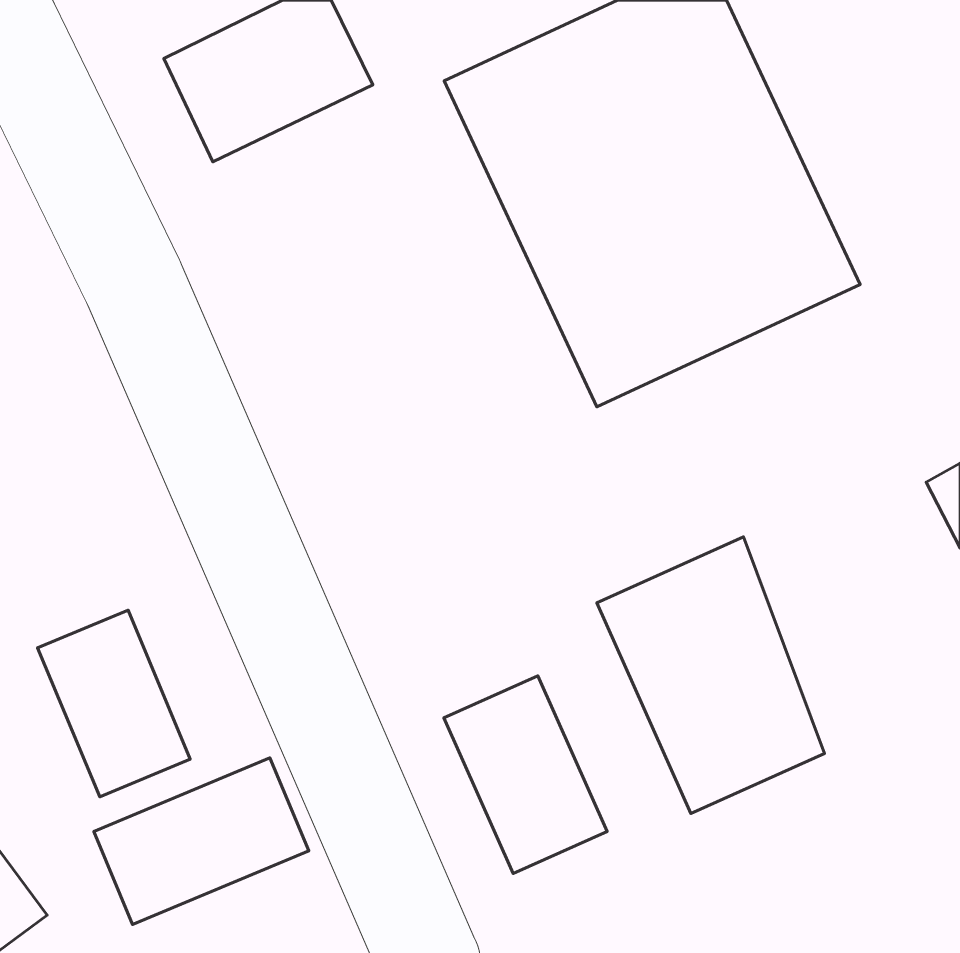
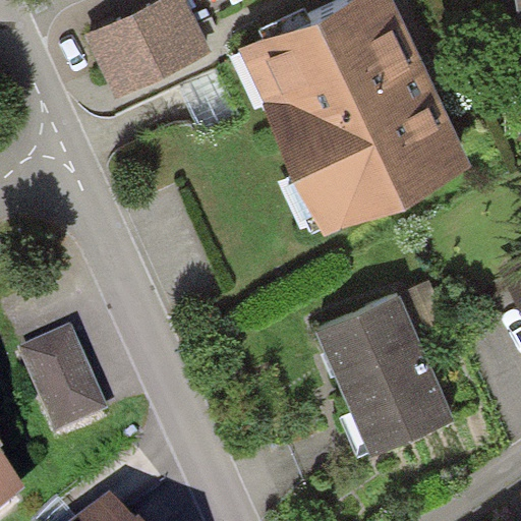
building: [444,676,607,873] -> none
building: [94,758,309,924] -> none

